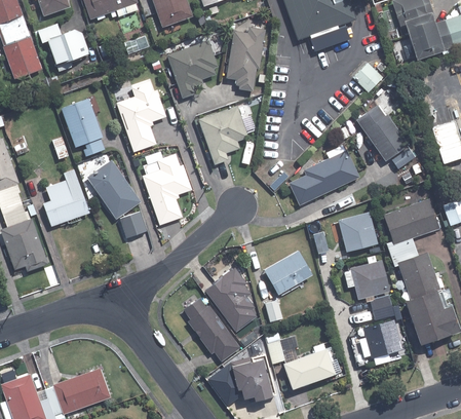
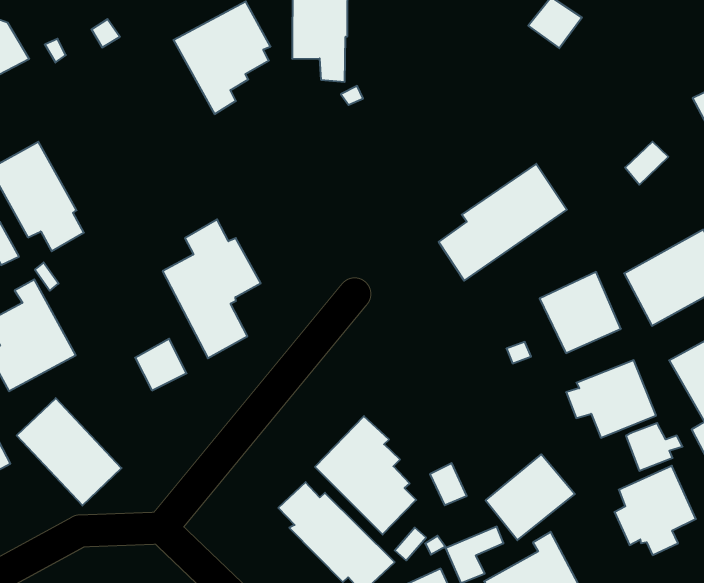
building: [115,80,165,152] -> none
building: [197,106,246,164] -> none
building: [357,107,407,160] -> none
building: [86,160,139,219] -> [17,398,122,506]
building: [264,251,311,294] -> [486,454,575,540]

